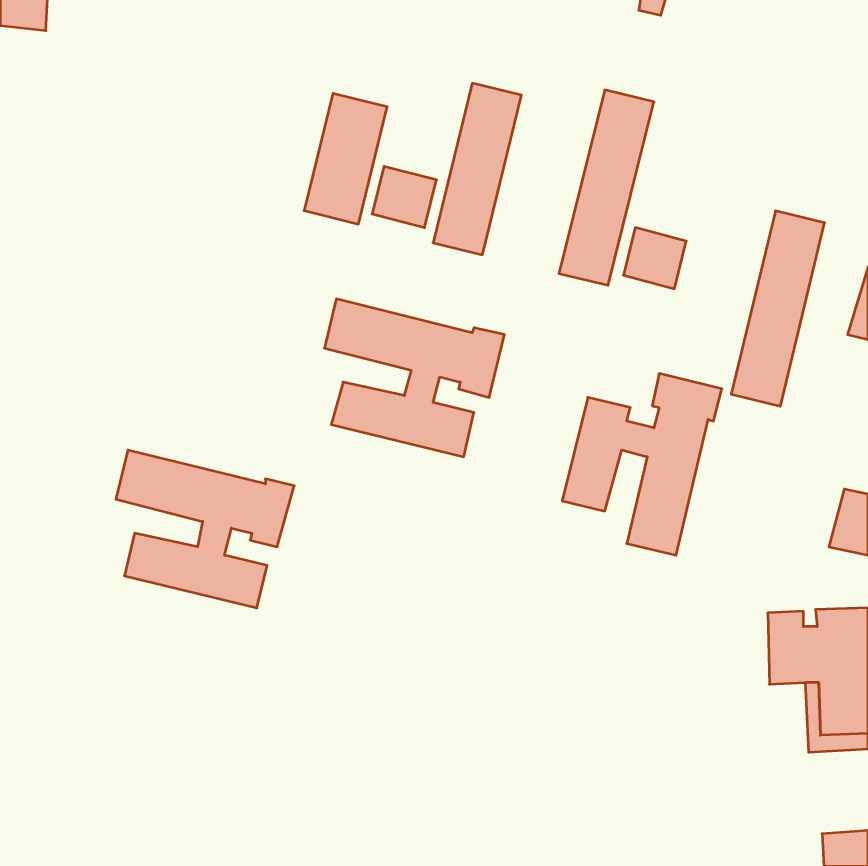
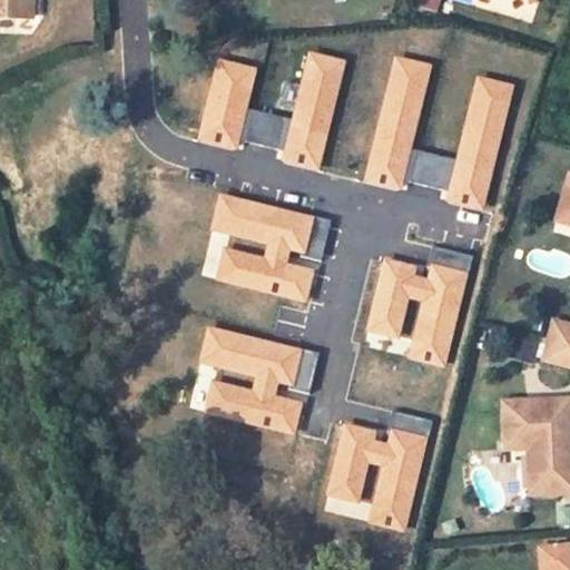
building: [731,211,825,406] -> [449,79,510,207]
building: [116,450,294,608] -> [200,328,317,432]
building: none -> [328,410,432,529]

